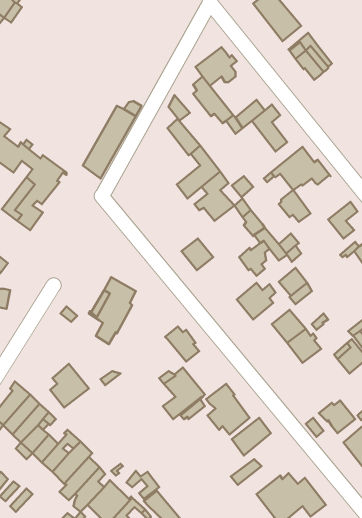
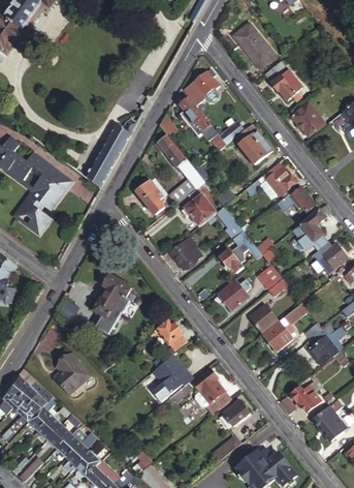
building: none -> [290,101,323,135]
building: none -> [136,182,168,214]
building: [279,190,310,222] -> [288,185,316,213]

